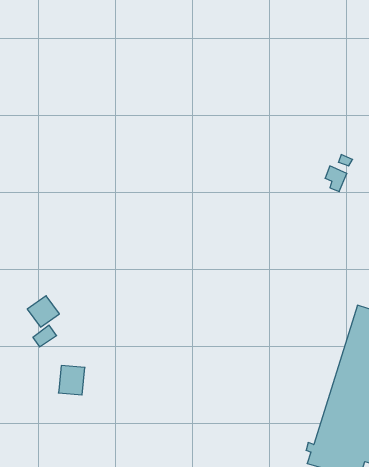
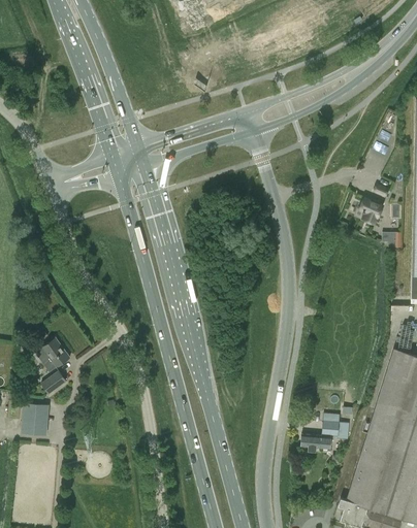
building: none -> [301,414,350,452]
building: [58,366,85,395] -> [21,403,50,435]

